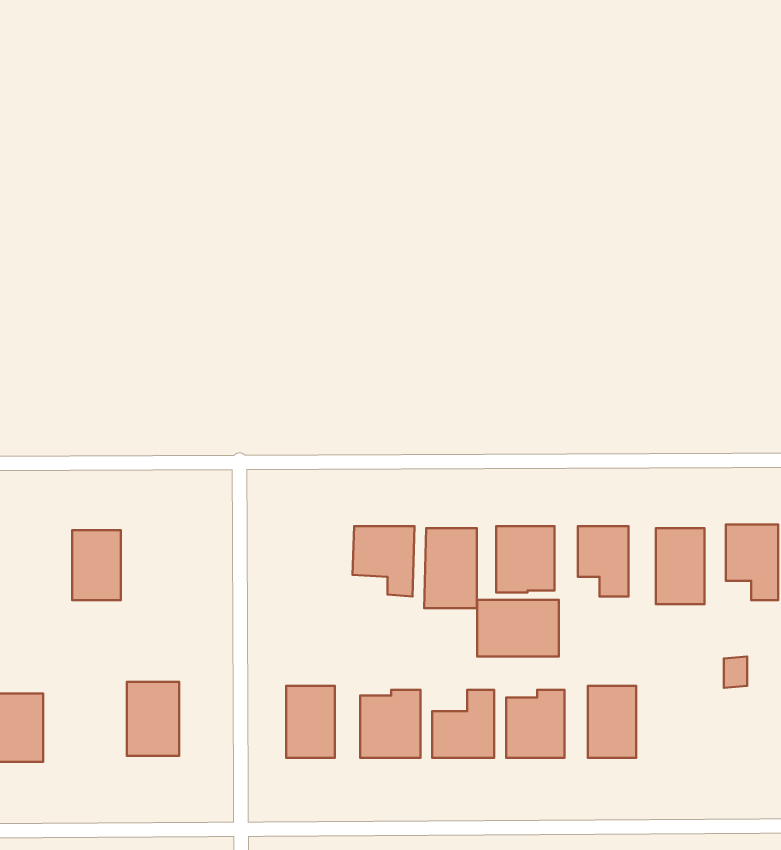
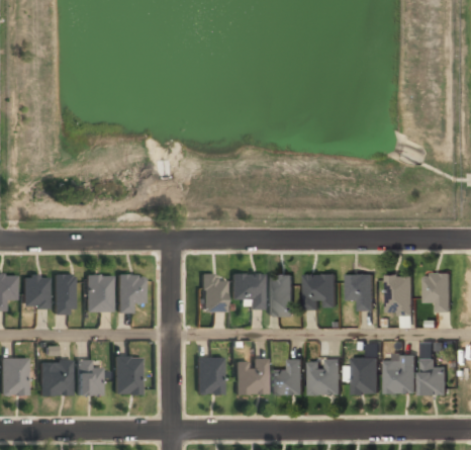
building: none -> [202,274,226,312]
building: none -> [55,275,74,313]
building: none -> [117,275,144,312]
building: [477,600,559,656] -> none
building: none -> [386,356,417,393]
building: none -> [76,360,101,396]
building: none -> [423,360,448,394]

